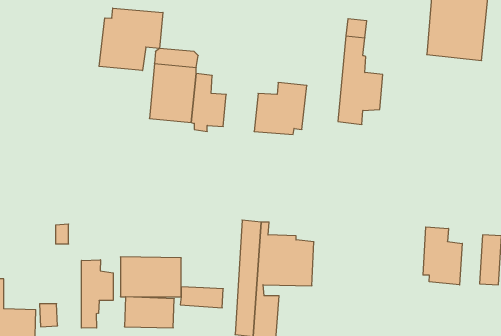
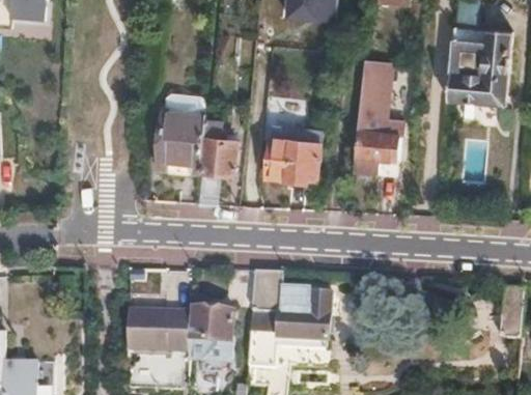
building: [99,8,163,71] -> none
building: [423,227,462,285] -> none
building: none -> [191,306,235,342]
building: [82,260,113,328] -> none

